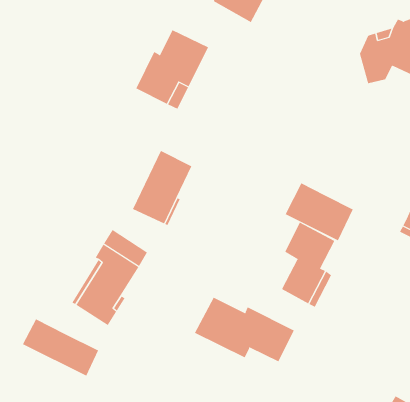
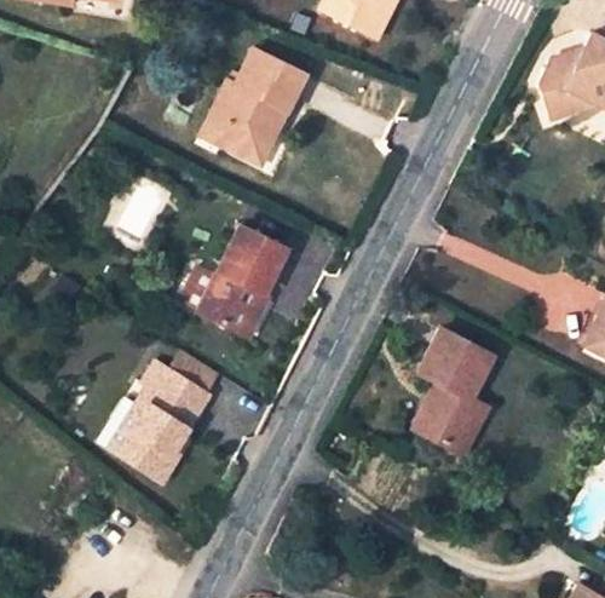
building: [285,183,354,241] -> none
building: [194,297,294,362] -> none
building: [22,318,99,377] -> none

